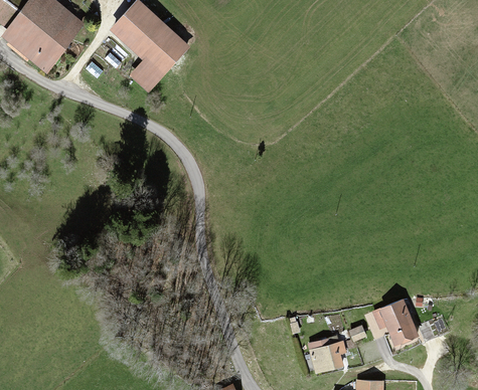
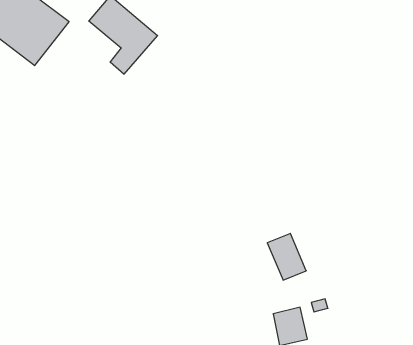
building: [379,297,422,347] -> [267,233,306,280]

